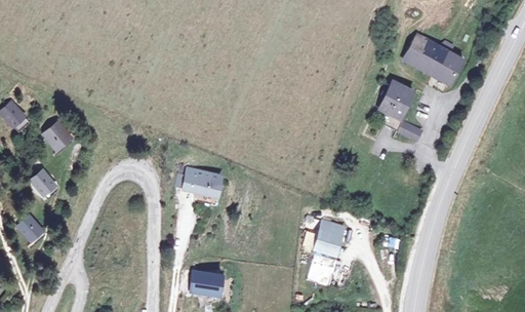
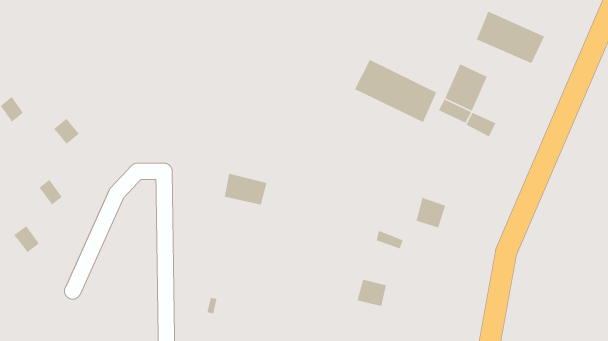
building: none -> [354,59,437,123]
building: [315,227,340,254] -> [416,197,446,228]
building: [193,275,225,299] -> none

